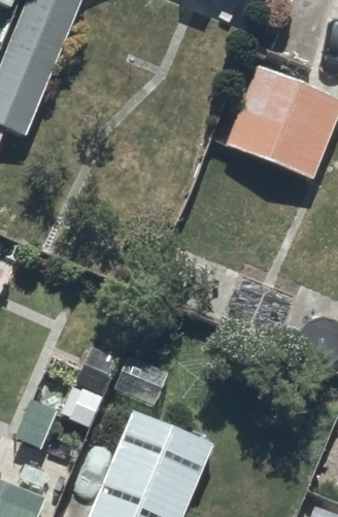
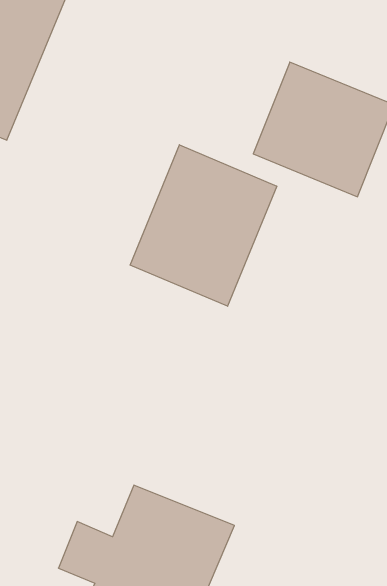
building: none -> [130,145,277,306]

